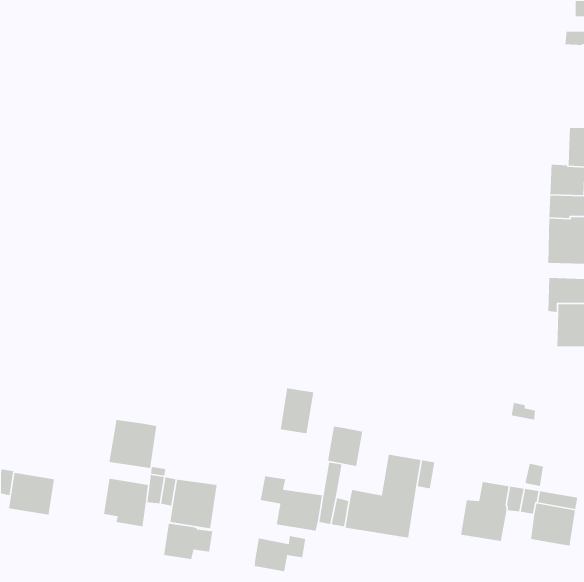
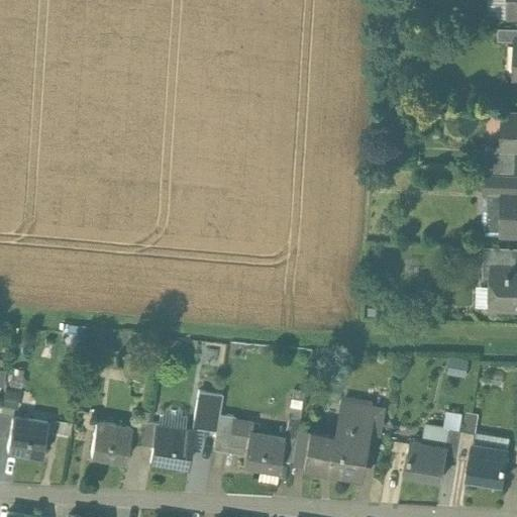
building: [280,387,314,434] -> [193,393,223,434]
building: [109,419,157,469] -> none
building: [327,426,363,467] -> none
building: [163,523,213,560] -> none
building: [254,535,306,572] -> none

